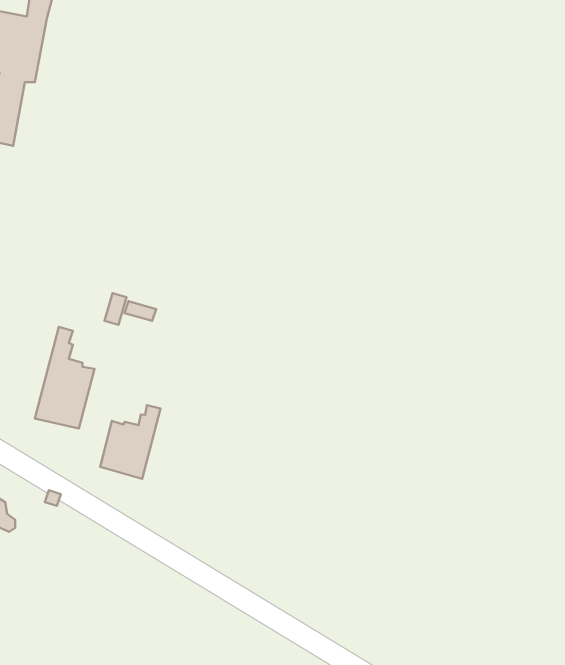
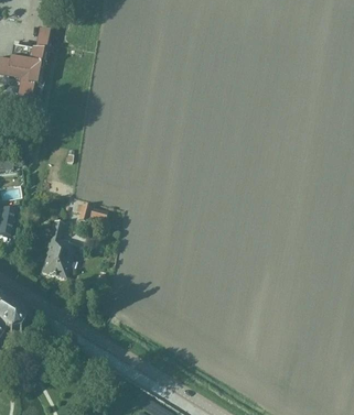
building: [100,405,160,479] -> none

